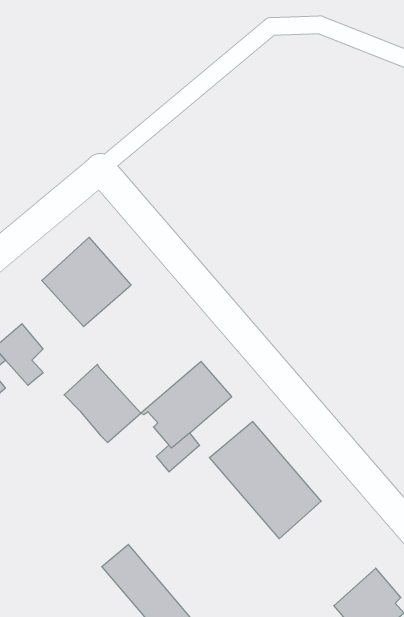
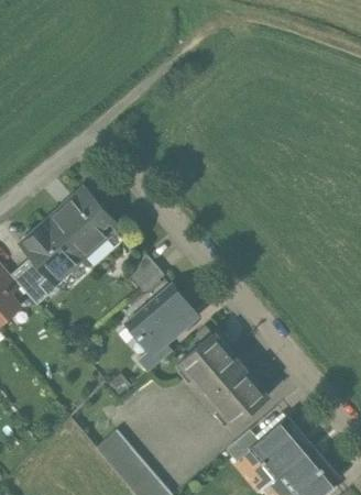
building: none -> [128,255,164,292]
building: [64,364,141,442] -> [20,220,80,282]
building: none -> [249,419,310,481]

